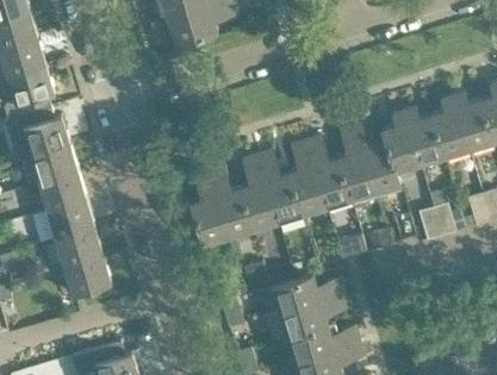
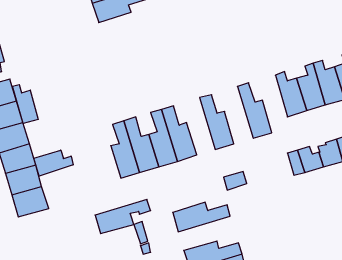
building: [383,112,420,186] -> none
building: none -> [12,85,38,124]
building: [338,126,375,200] -> none
building: [290,140,327,214] -> none
building: none -> [34,150,73,176]
building: [279,293,350,337] -> [95,199,151,234]

